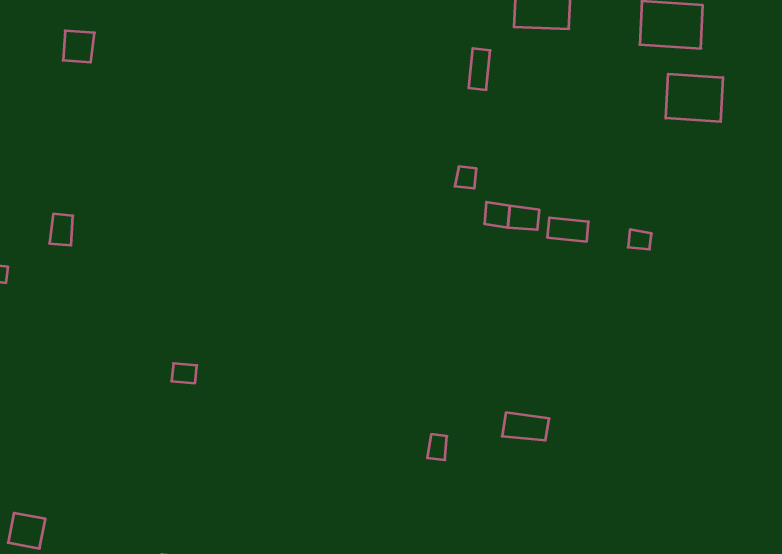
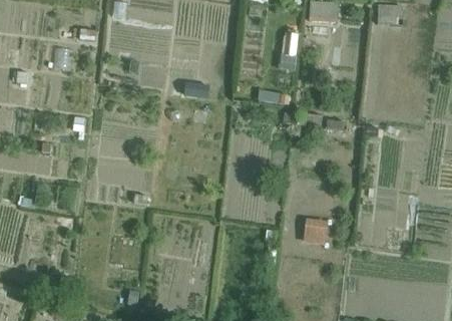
building: [666,74,723,122] -> none

